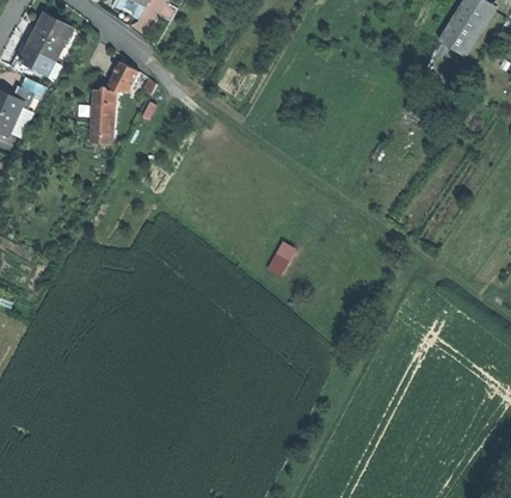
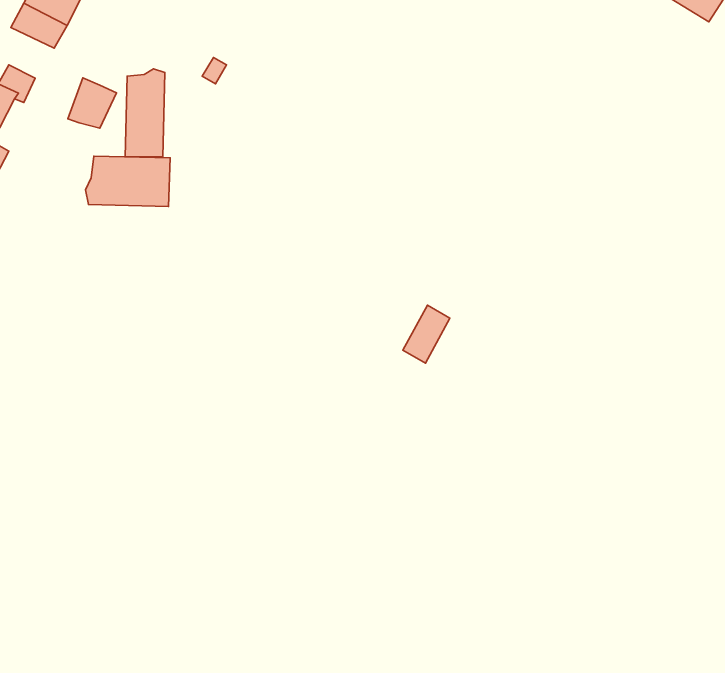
building: [109,61,140,93] -> [68,78,117,128]
building: none -> [86,156,170,206]

